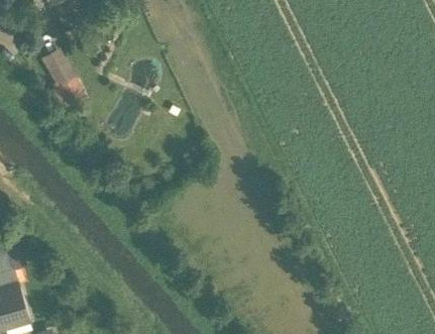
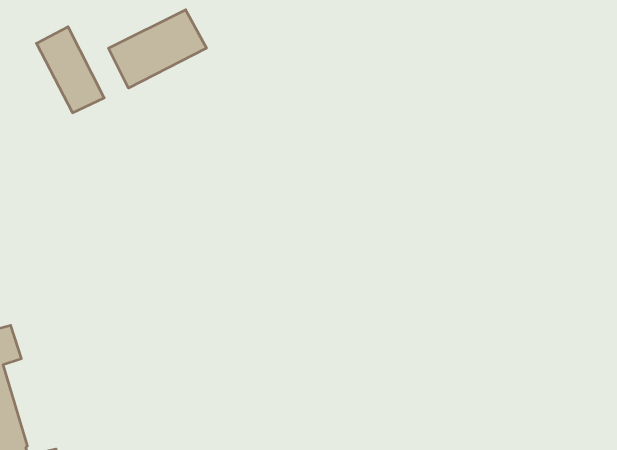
building: none -> [109,10,206,88]

